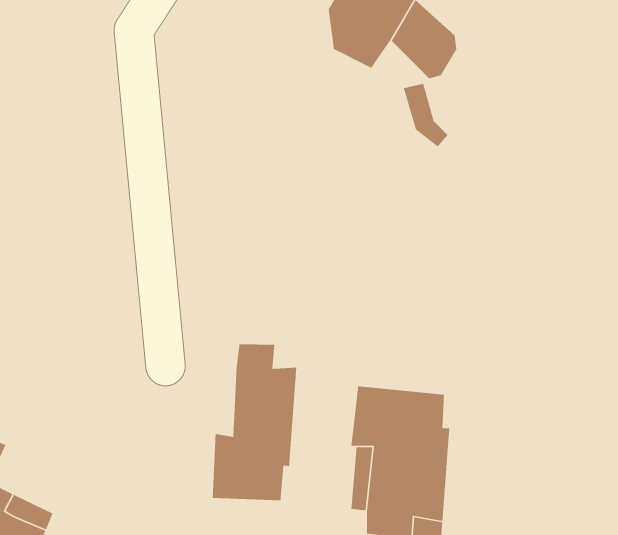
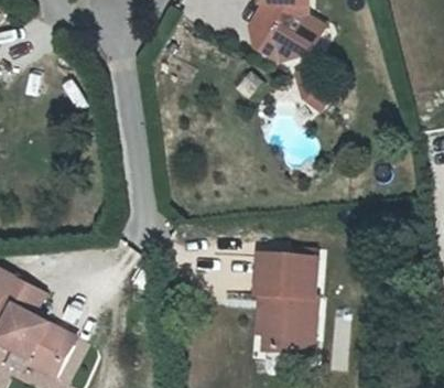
building: [212,343,297,501] -> none

